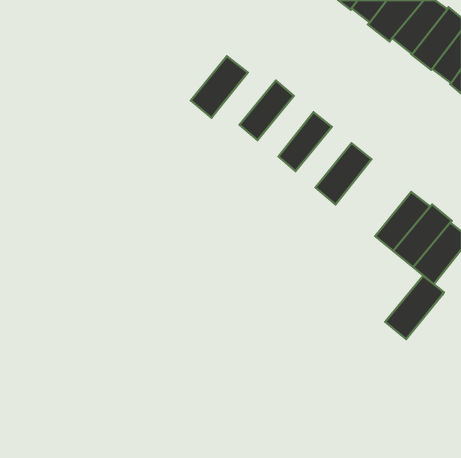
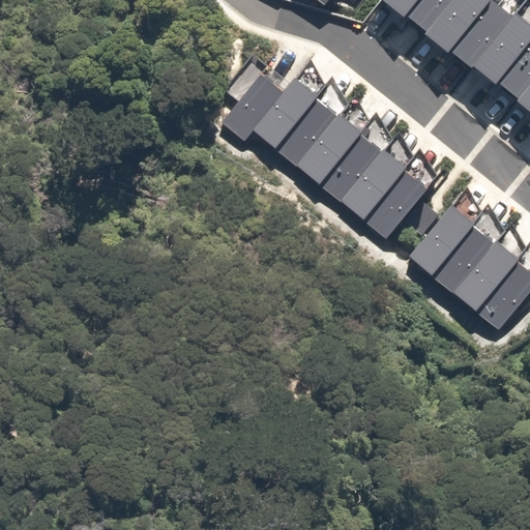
building: none -> [252,77,318,148]
building: none -> [296,113,362,184]
building: none -> [340,148,406,219]
building: [385,276,444,339] -> [407,203,474,275]

